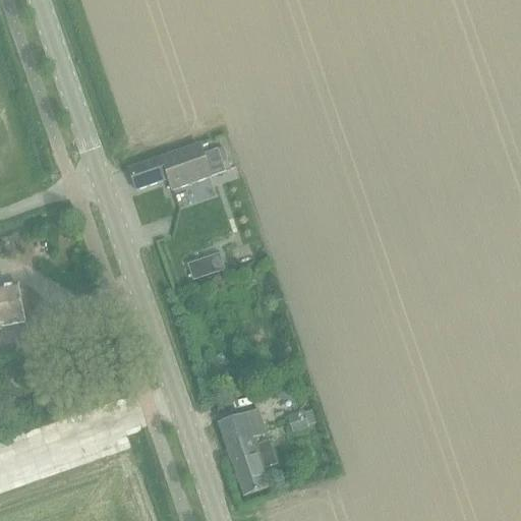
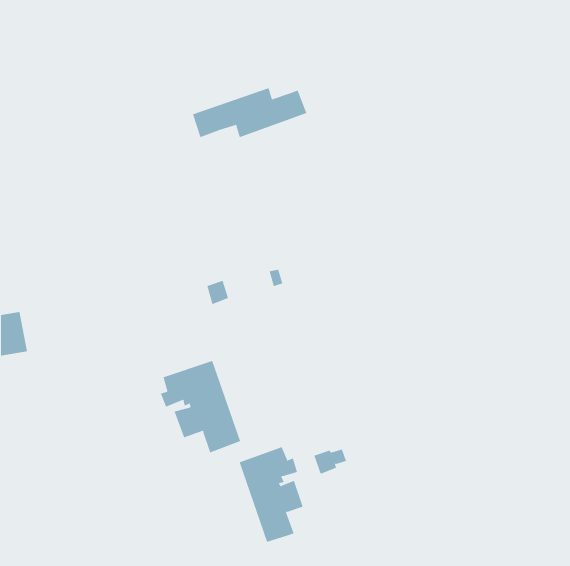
building: [128,142,233,188] -> [192,88,307,138]
building: none -> [160,360,241,453]

